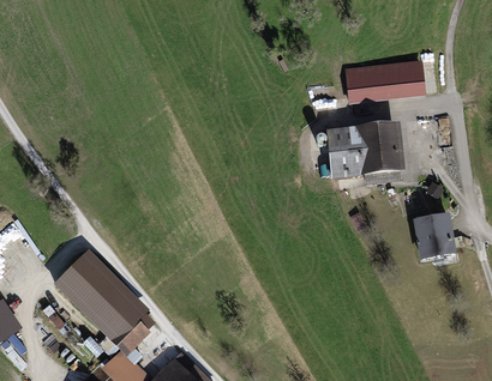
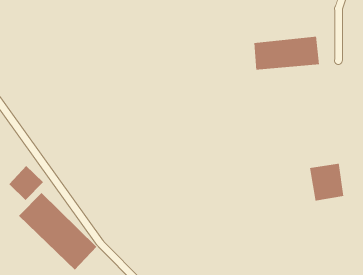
building: [328,125,406,180] -> none
building: none -> [8,165,44,201]

